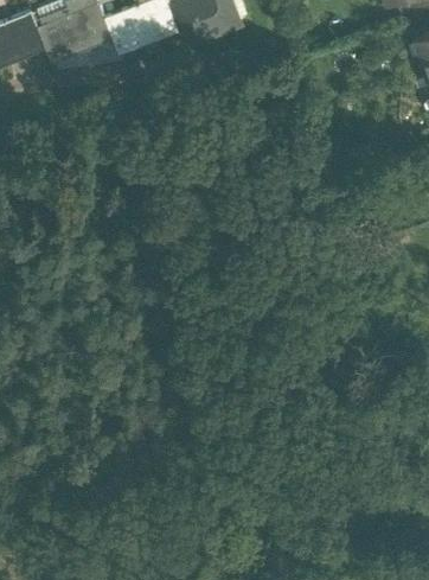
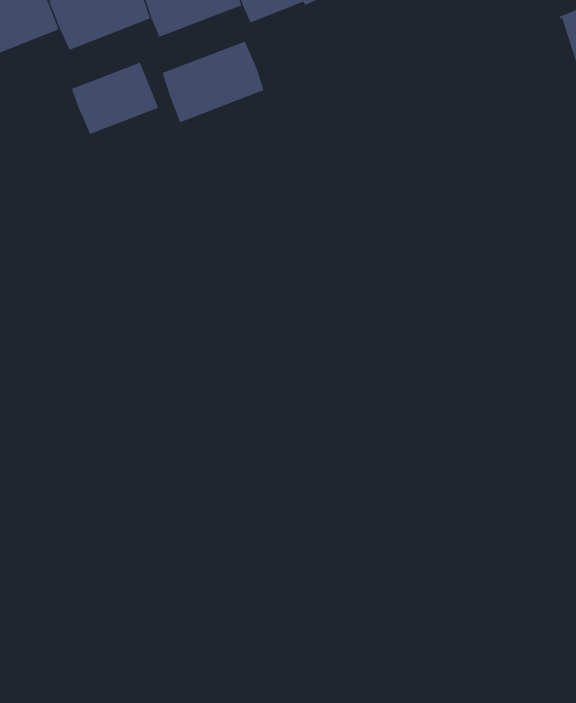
building: none -> [162,41,264,123]
building: none -> [71,62,159,135]

